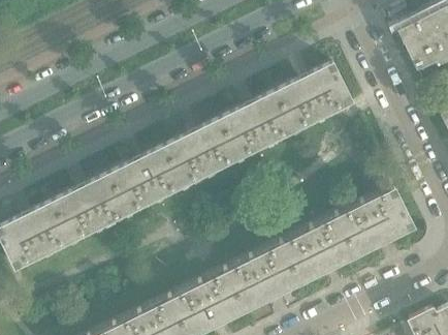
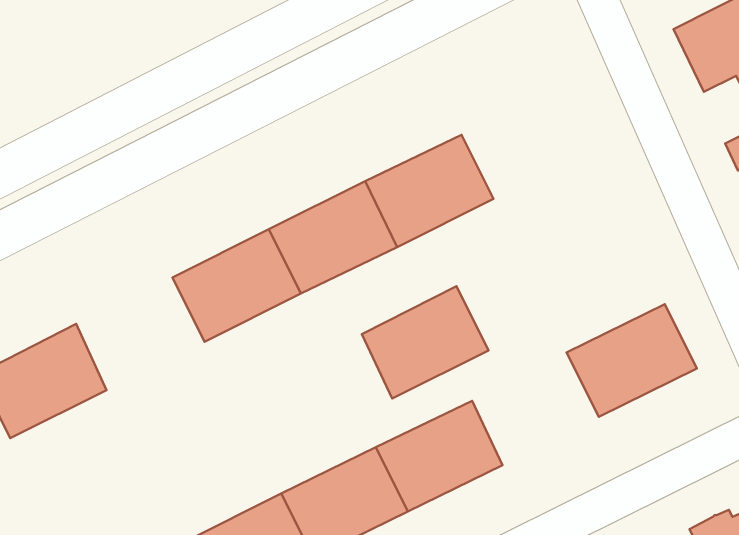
building: [277,64,351,129] -> none
building: [54,175,128,240] -> none
building: [283,218,356,283] -> [362,286,489,399]

